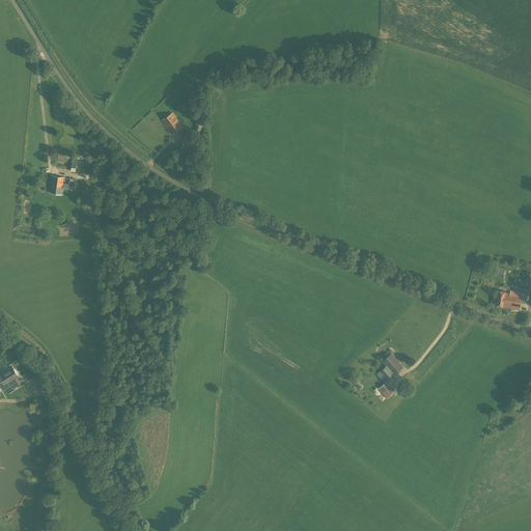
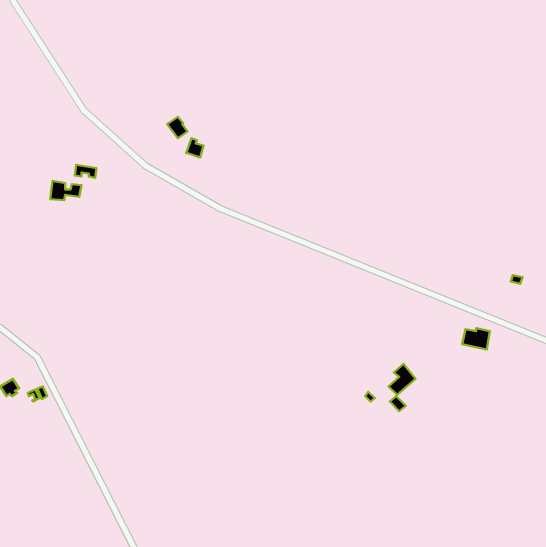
building: [498,289,525,310] -> [462,328,490,349]

